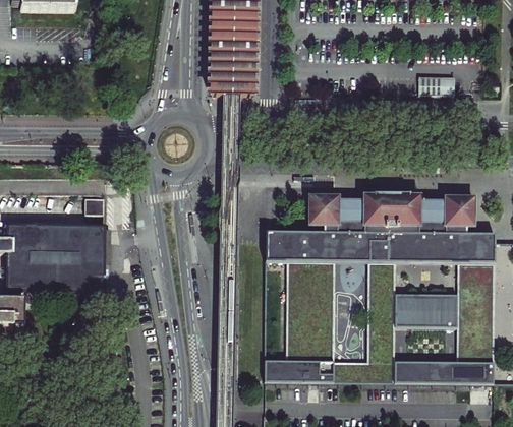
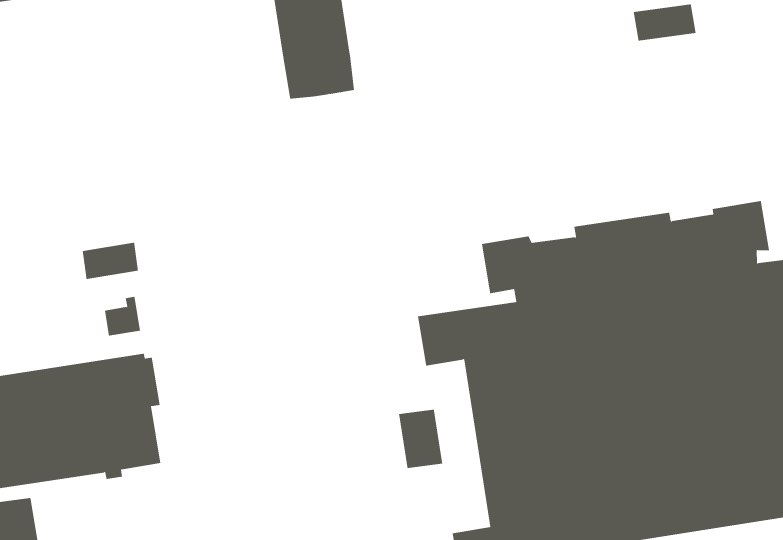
building: none -> [82,242,139,280]
building: none -> [398,409,443,469]

